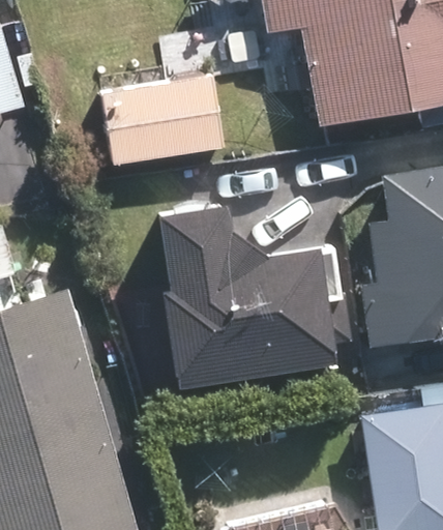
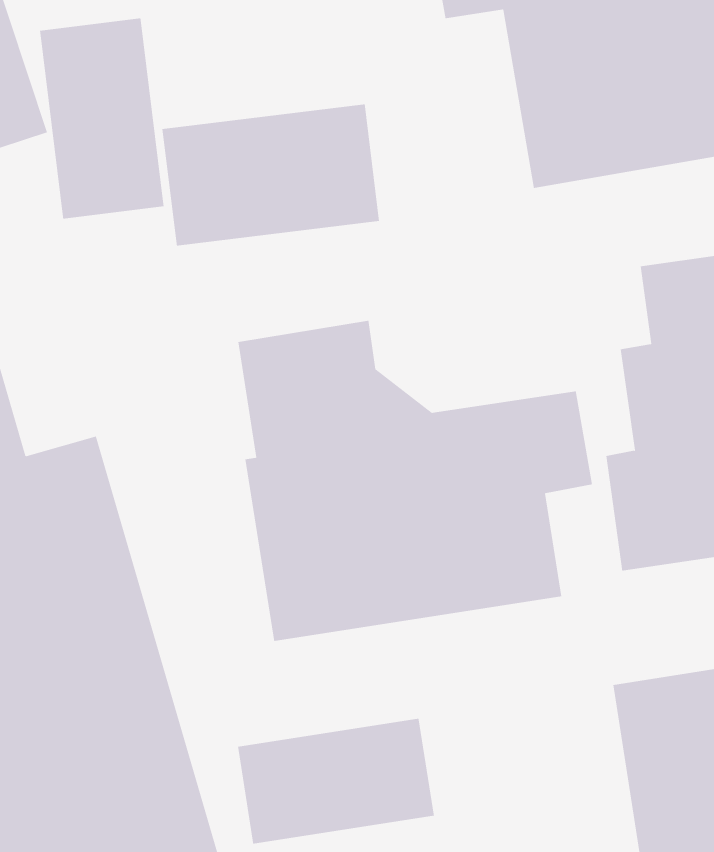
building: none -> [39,17,164,219]
building: none -> [237,718,434,844]

